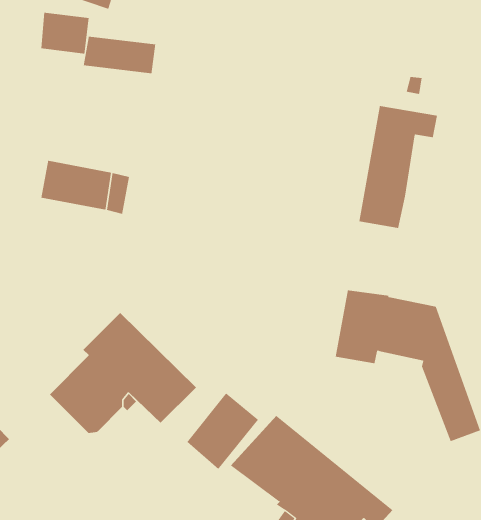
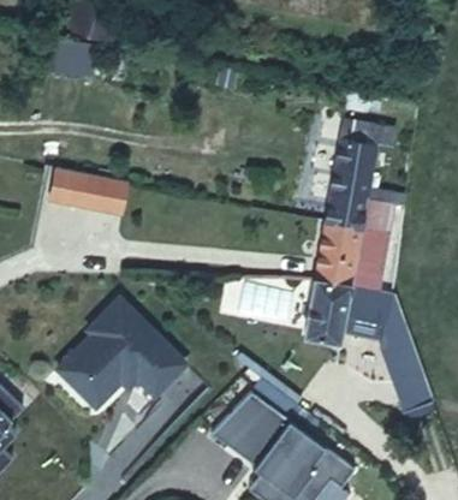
building: [83,36,156,74] -> none
building: none -> [315,200,392,286]
building: [187,393,259,470] -> none

